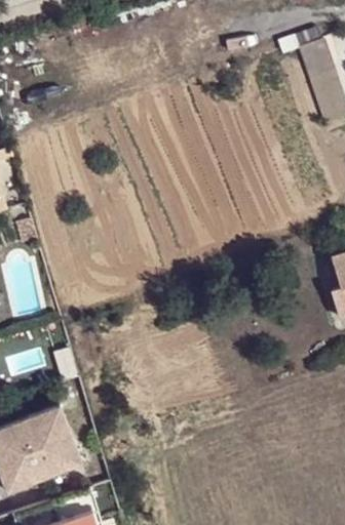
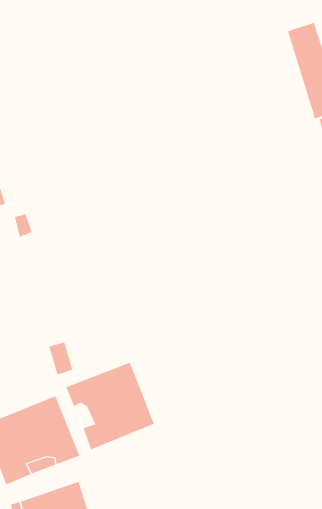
building: none -> [66,362,154,450]

